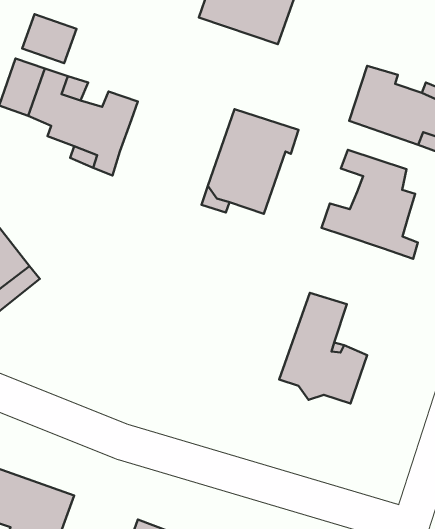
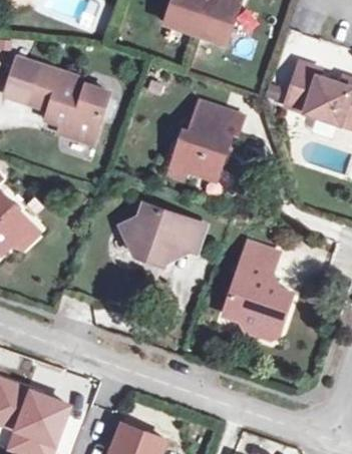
building: [22,14,76,63] -> none
building: [321,150,418,259] -> none
building: none -> [118,201,207,266]

